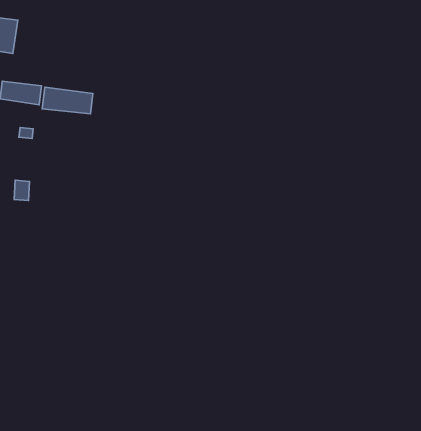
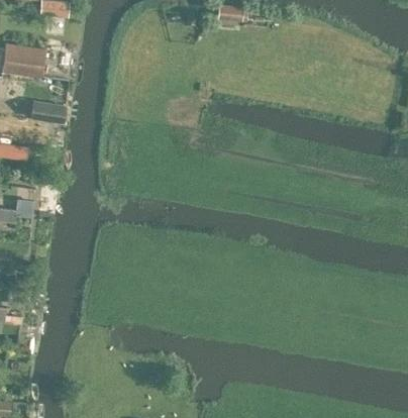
building: [42,87,93,114] -> none

